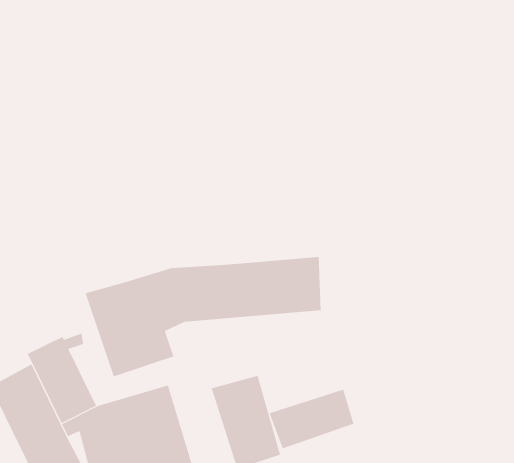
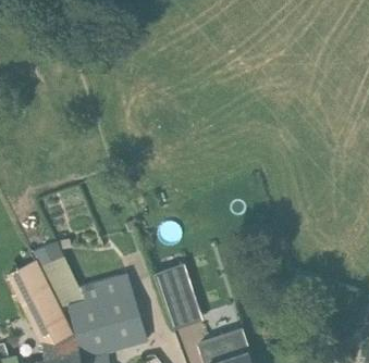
building: [85,256,321,377] -> none
building: [269,389,354,449] -> none

